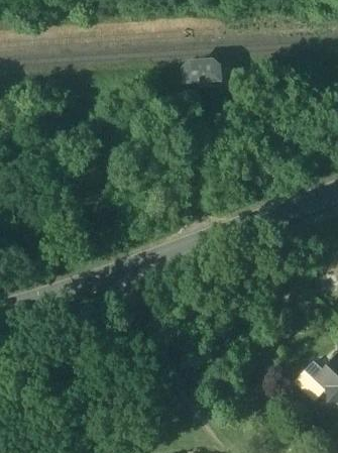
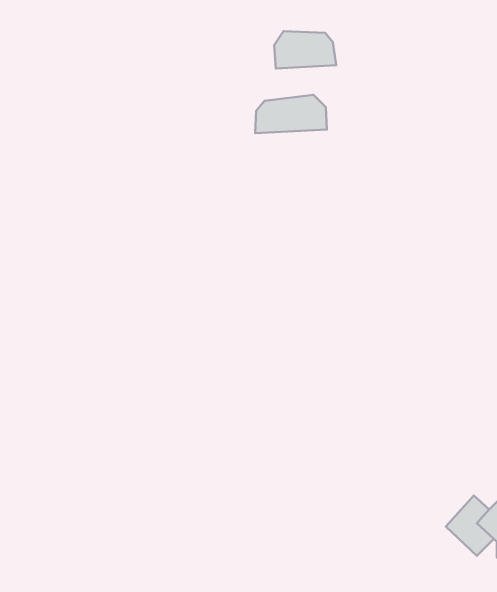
building: none -> [255,95,327,133]

